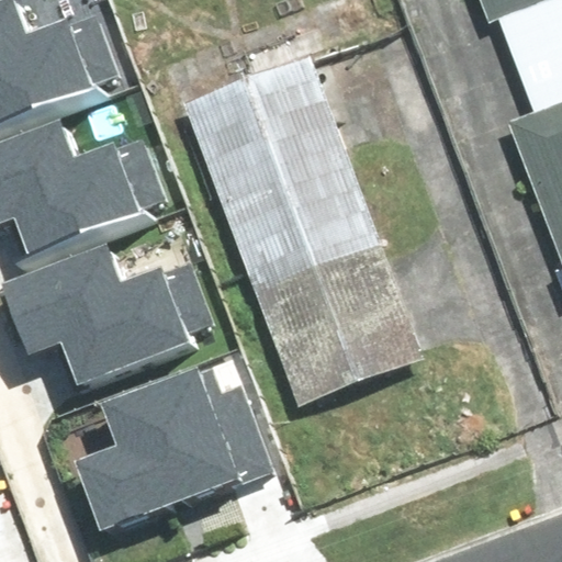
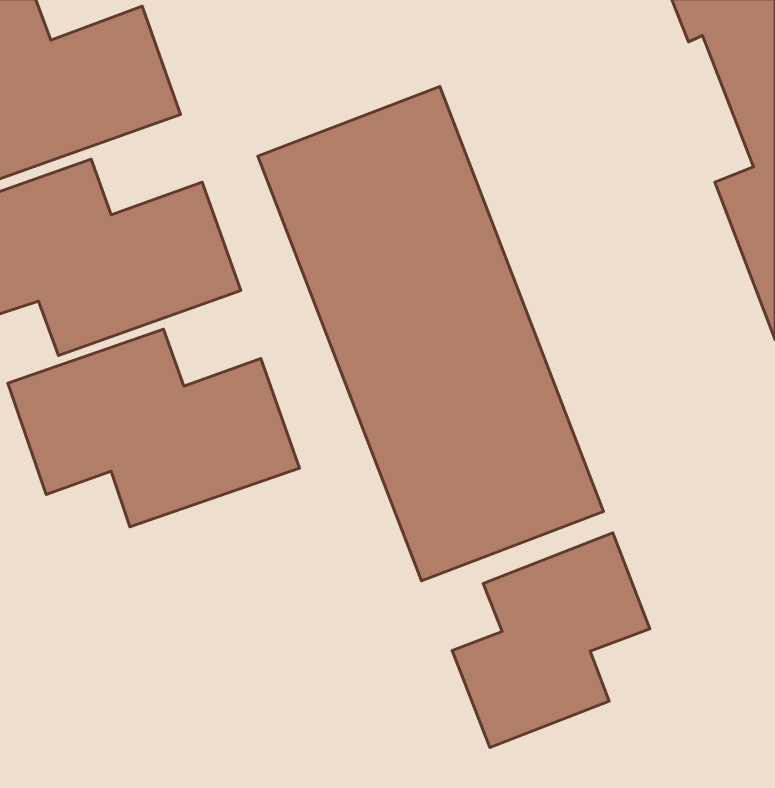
building: [78,362,272,530] -> none
building: none -> [452,533,650,748]

